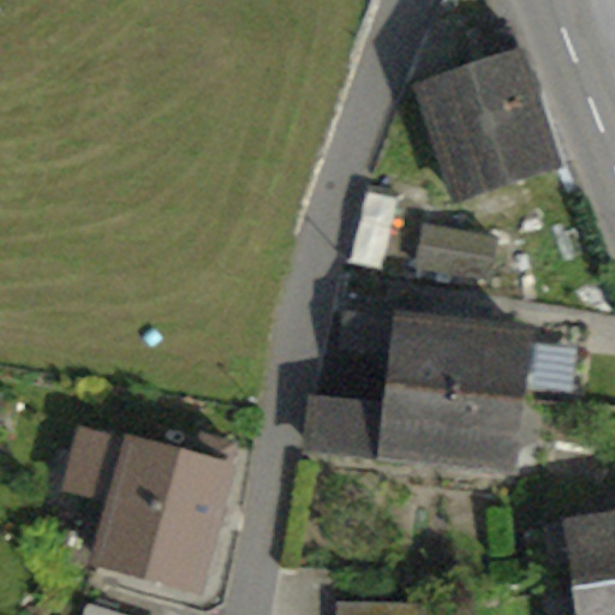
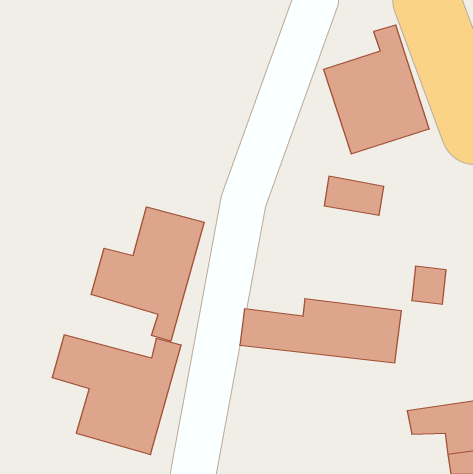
building: none -> [91,207,204,341]
building: [350,308,529,402] -> none

